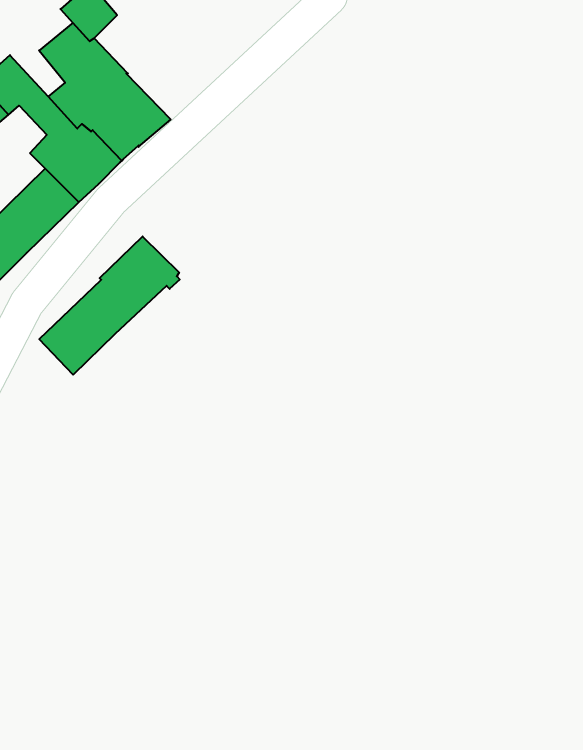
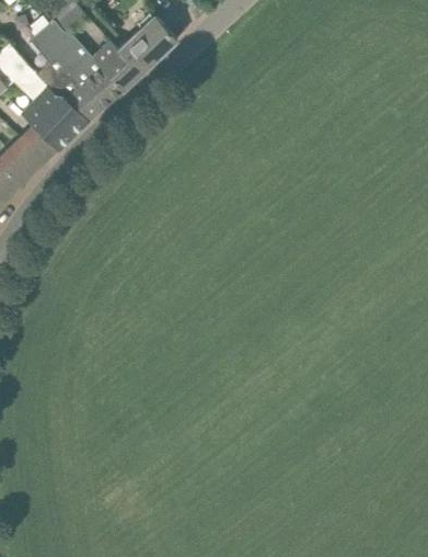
building: none -> [92,16,177,91]
building: [39,236,180,375] -> none

